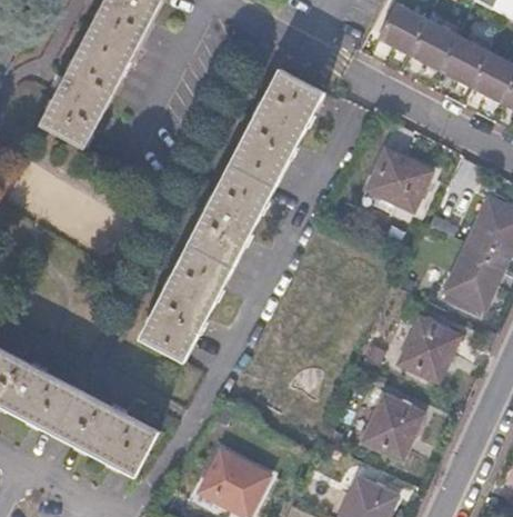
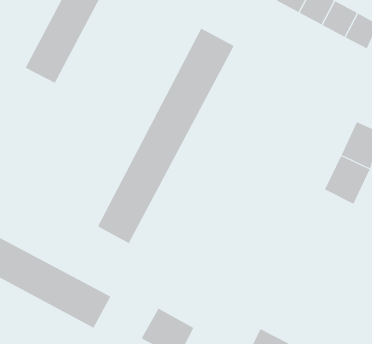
building: [365,147,431,209] -> none
building: [398,317,460,382] -> none
building: [361,394,424,461] -> none

